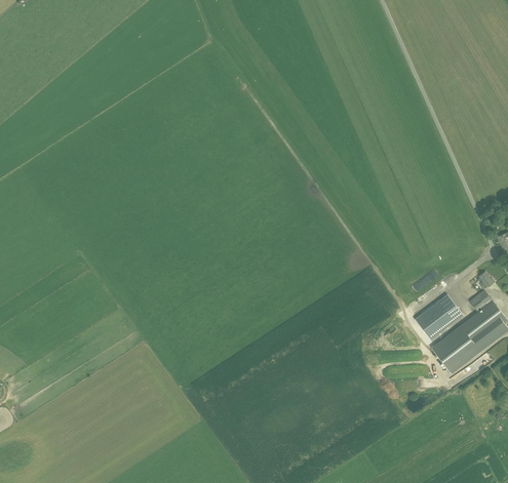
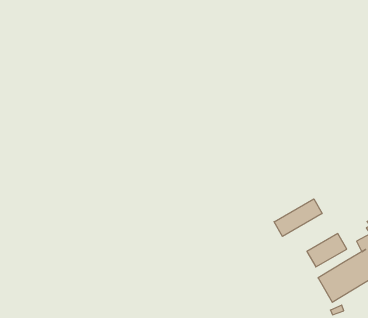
building: none -> [274,199,322,236]

